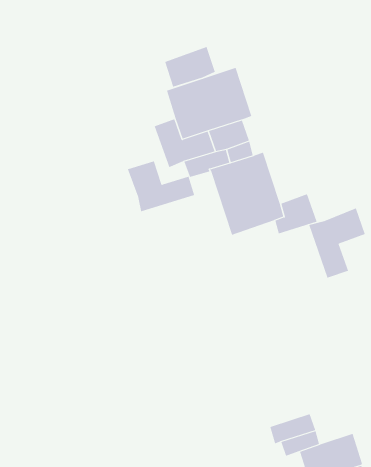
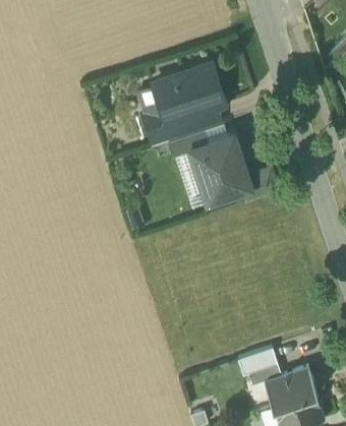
building: [164,46,215,87] -> none
building: [127,160,195,212] -> none
building: [308,207,366,279] -> none

